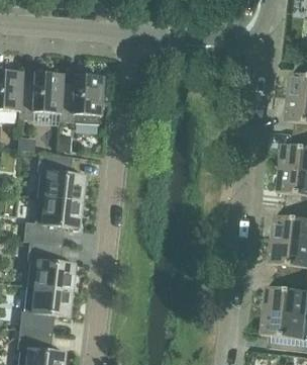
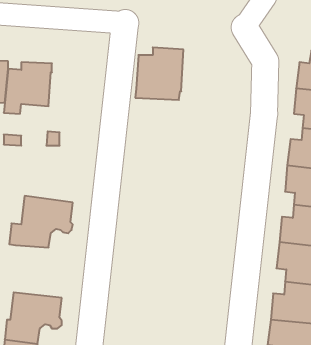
building: [59,75,103,123] -> [135,47,183,100]
building: [37,153,87,202] -> none
building: [27,242,77,290] -> none

